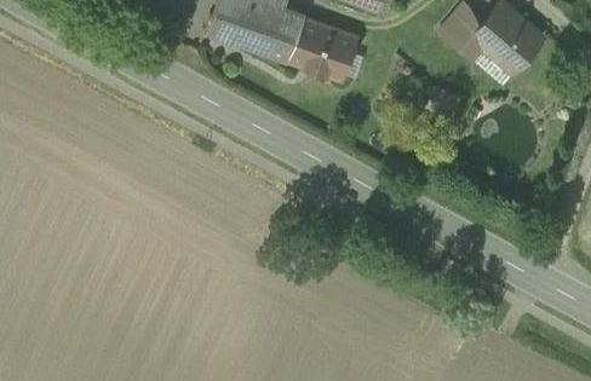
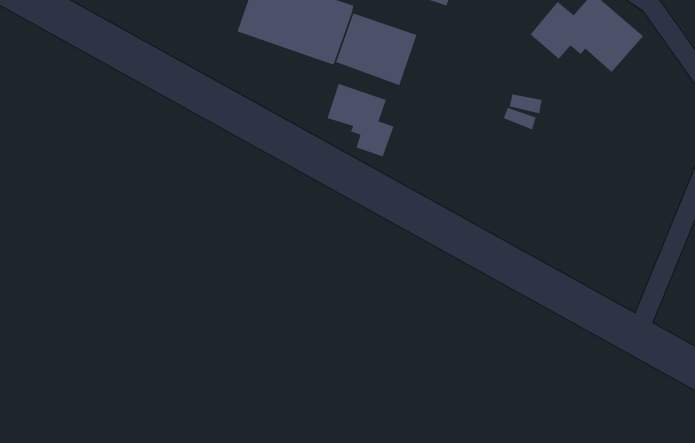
building: none -> [327,83,394,158]

